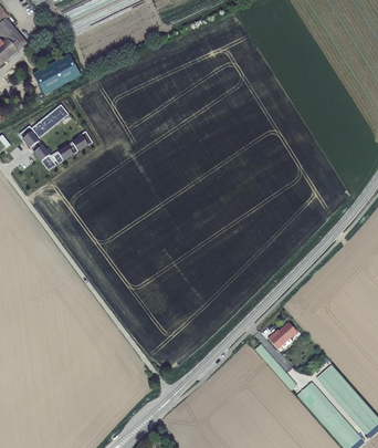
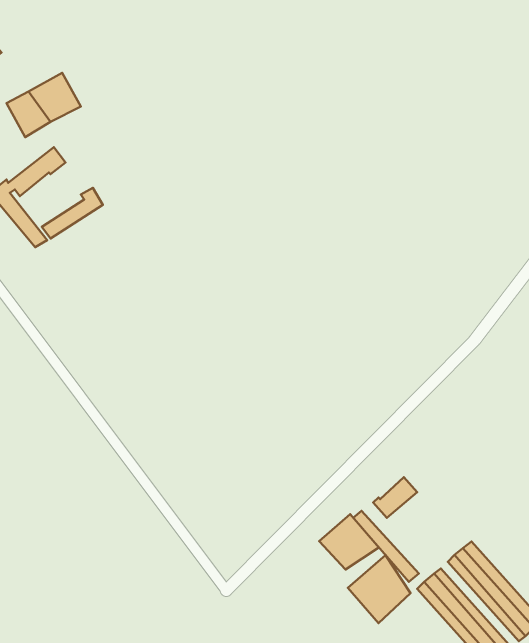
building: none -> [319,514,379,570]
building: none -> [348,555,411,623]

